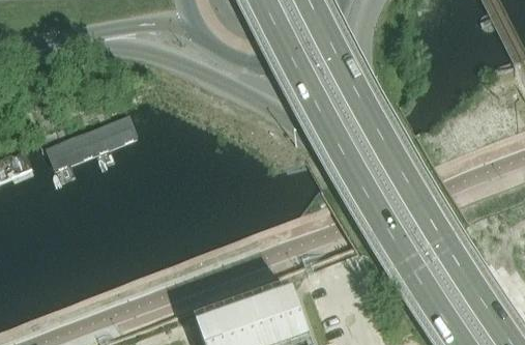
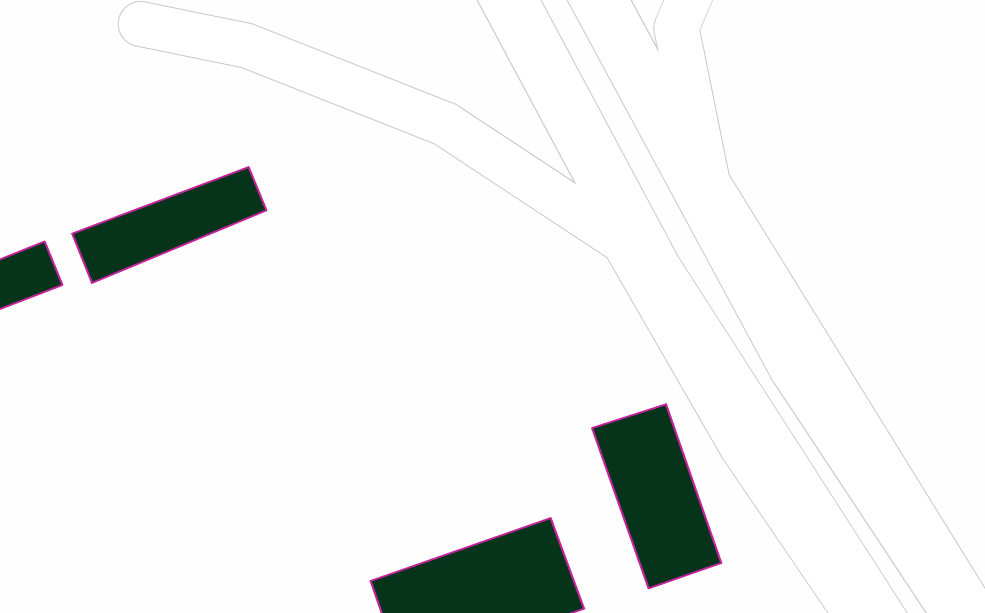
building: none -> [592,404,721,588]

